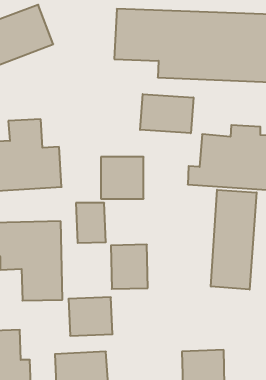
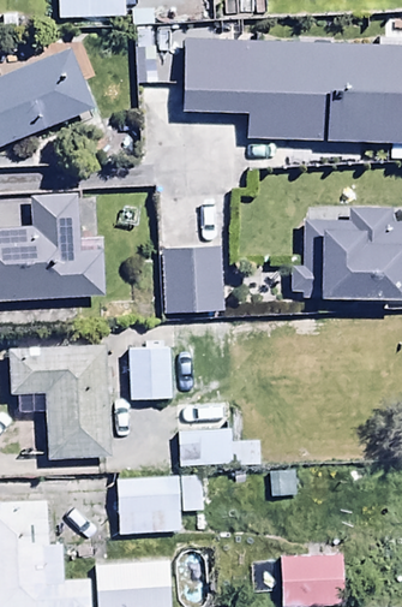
building: [140,94,193,133] -> none
building: [211,190,257,290] -> none

